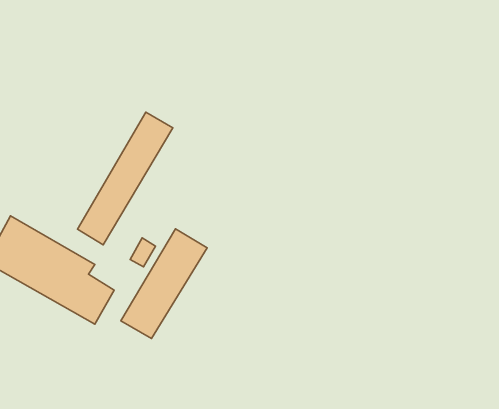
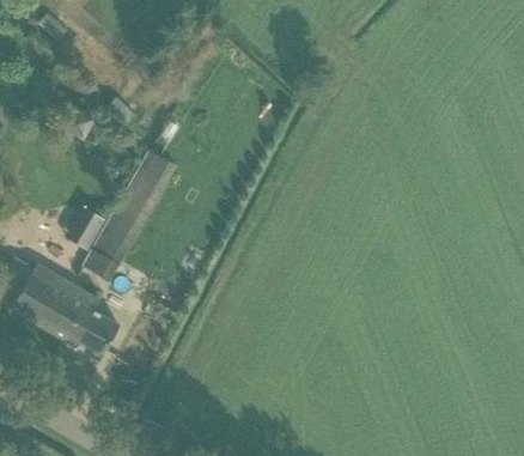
building: [121,229,207,339] -> none

